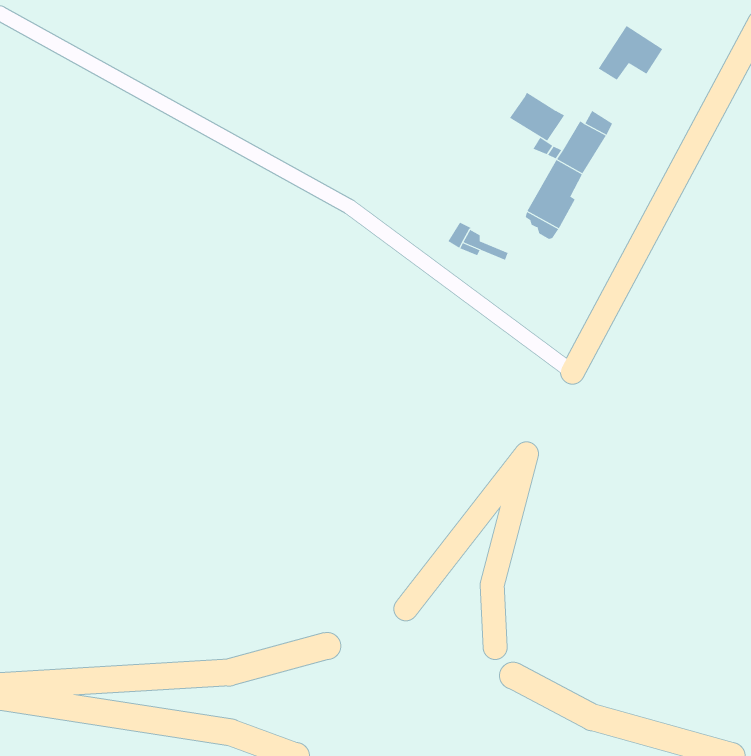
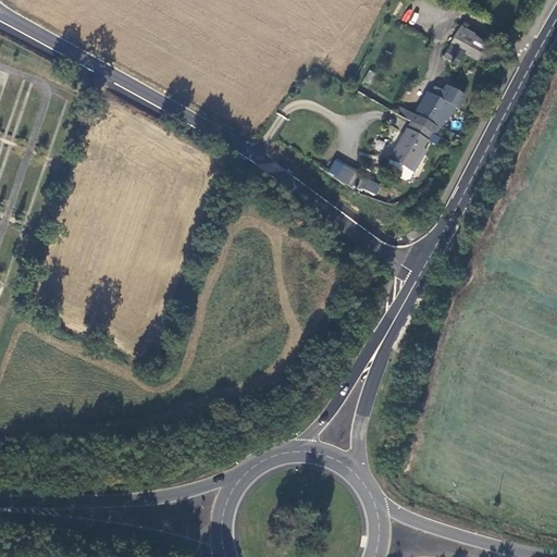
building: [509,92,565,141] -> none

